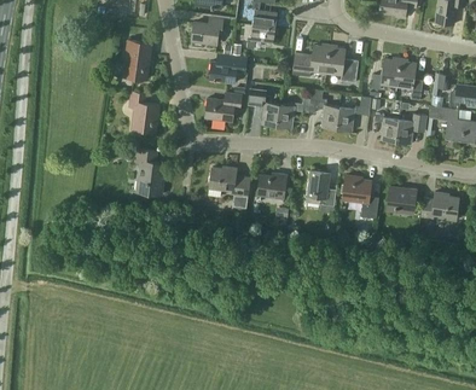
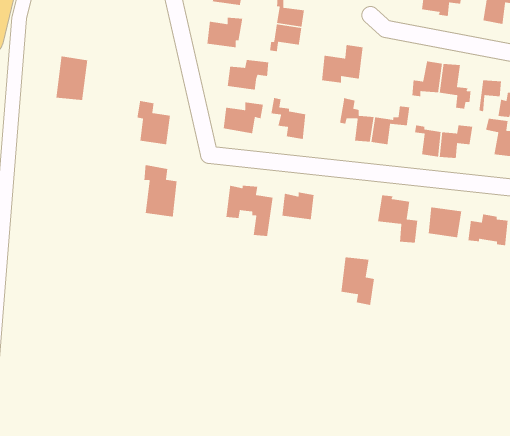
building: [123,40,152,80] -> [55,56,88,101]
building: [326,45,358,82] -> none
building: [277,91,312,129] -> none
building: [306,170,336,214] -> [341,256,375,306]

